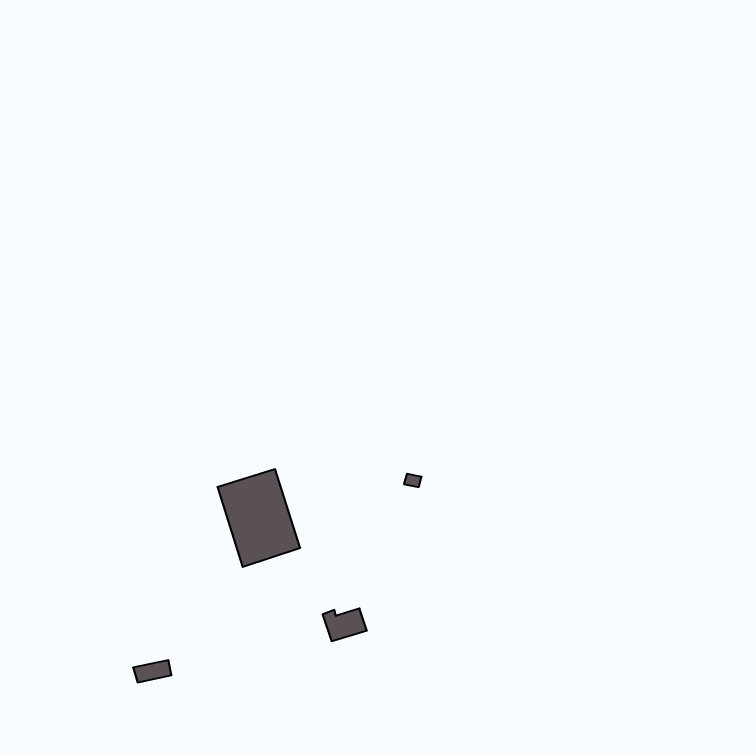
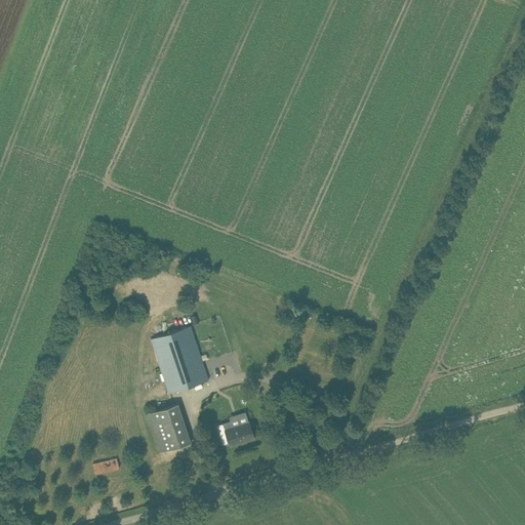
building: none -> [149,403,191,452]

